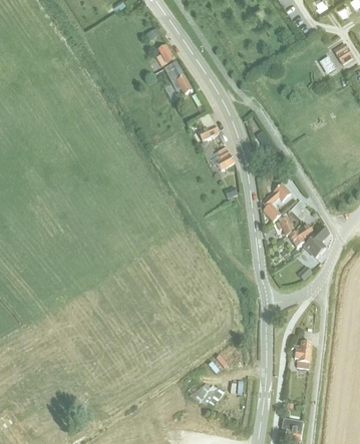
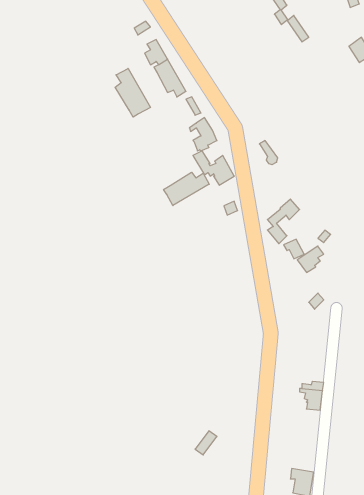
building: none -> [115,68,150,117]
building: none -> [164,172,209,206]
building: [304,226,330,258] -> none

